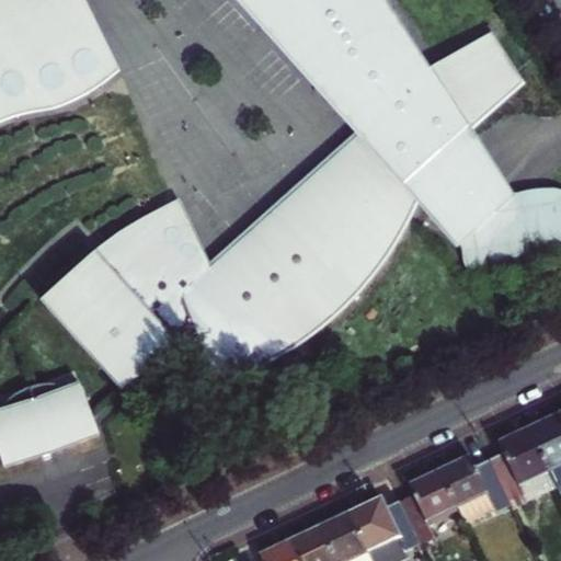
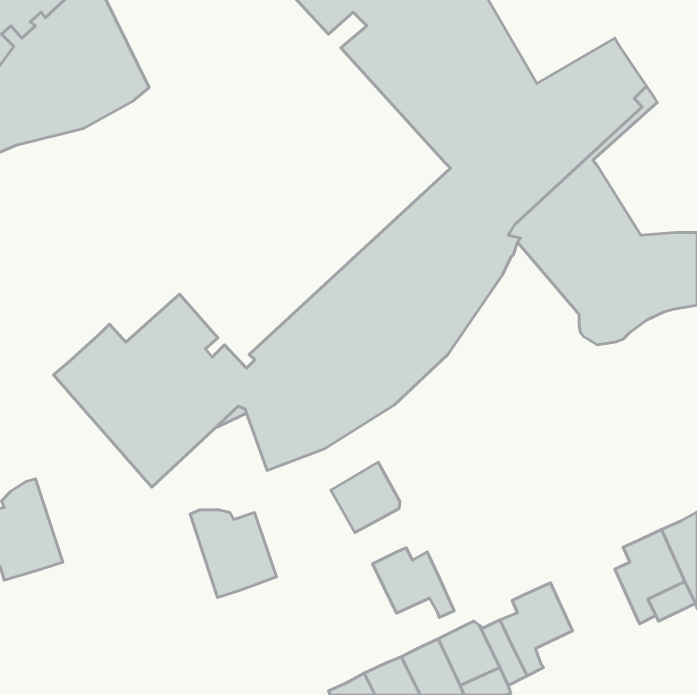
building: [80,130,360,295] -> none
building: none -> [331,462,400,533]
building: [28,380,98,450] -> [190,510,276,597]
building: none -> [372,548,454,617]
building: [440,453,512,520] -> none

